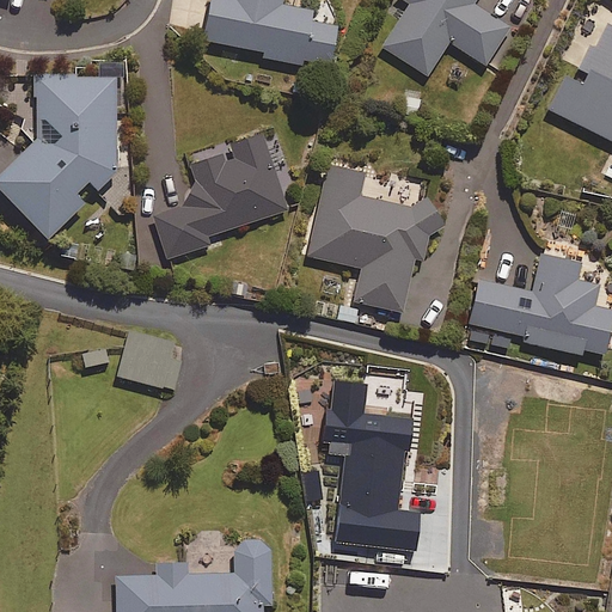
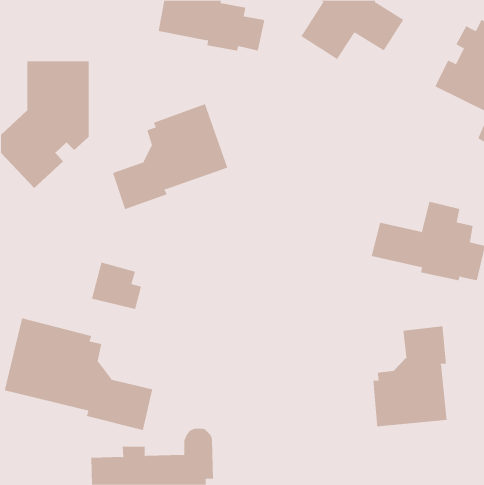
building: [307,164,443,312] -> none
building: [320,379,424,552] -> none
building: none -> [4,318,153,431]
building: none -> [373,326,447,427]

